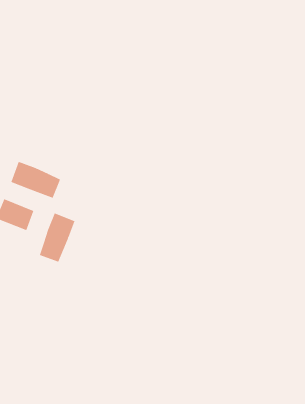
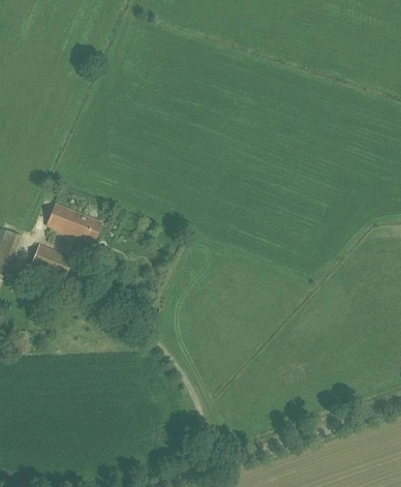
building: [39,212,75,263] -> none

